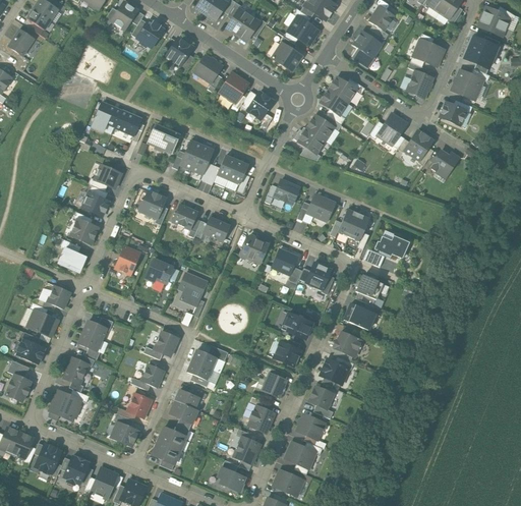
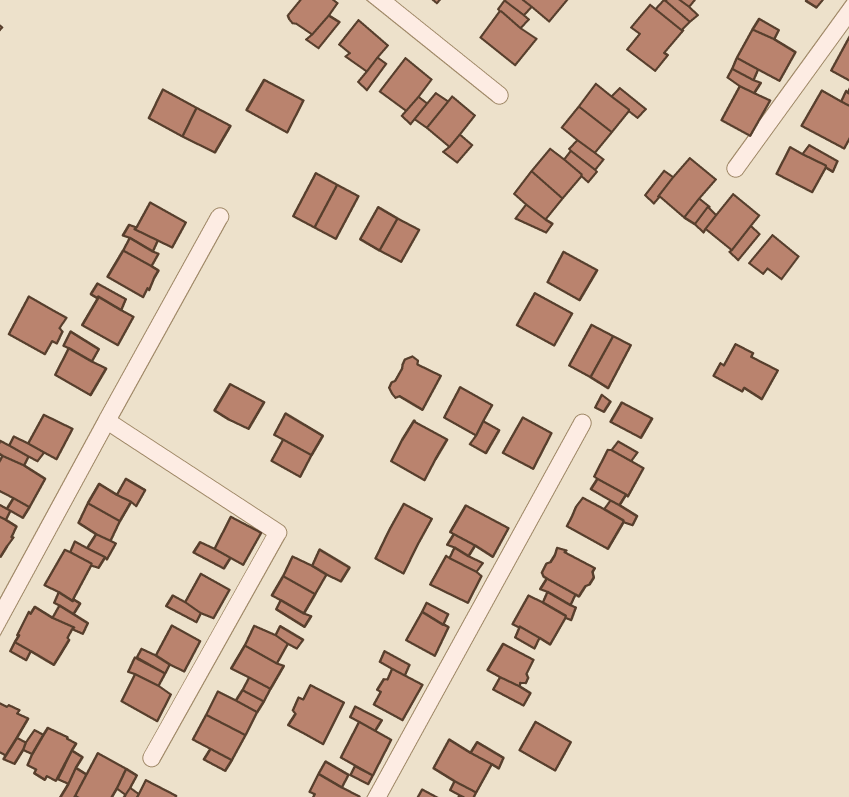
building: [148,126,178,154] -> [246,80,303,133]
building: [274,179,300,205] -> [547,252,597,300]
building: [139,191,166,219] -> none
building: [172,205,198,230] -> none
building: [202,218,230,241] -> none
building: none -> [9,296,67,354]
building: [374,230,409,259] -> [714,344,778,399]
building: [114,246,140,276] -> none
building: none -> [391,421,447,480]
building: none -> [376,504,432,574]
building: [296,414,324,440] -> [520,722,571,770]
building: none -> [288,685,344,744]

